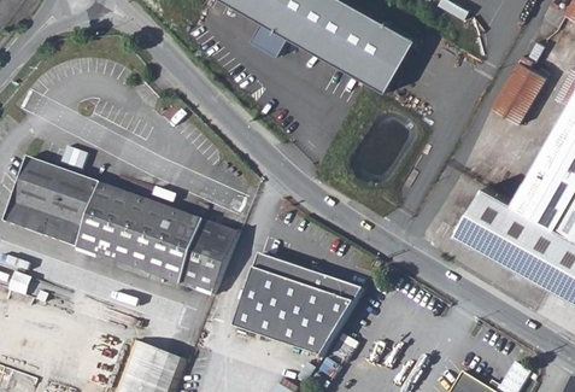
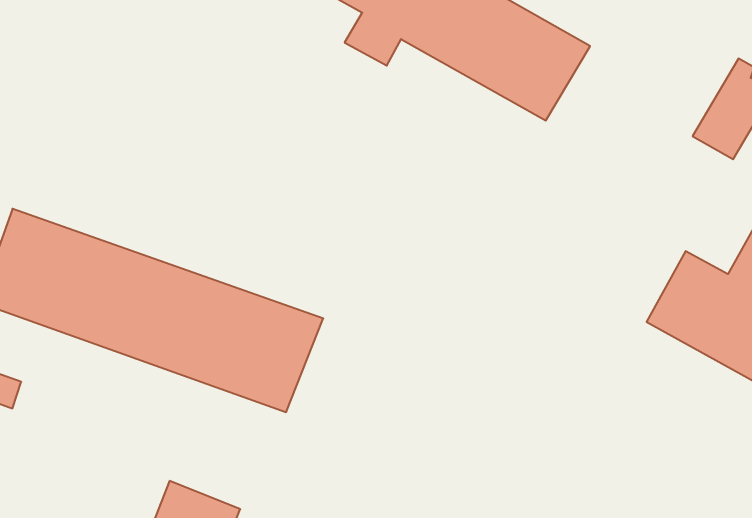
building: [233,253,360,359] -> none

